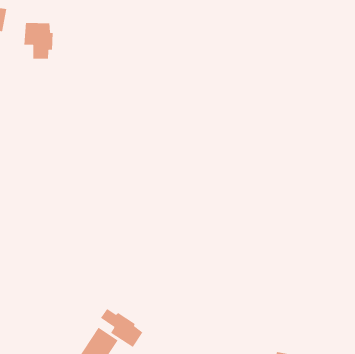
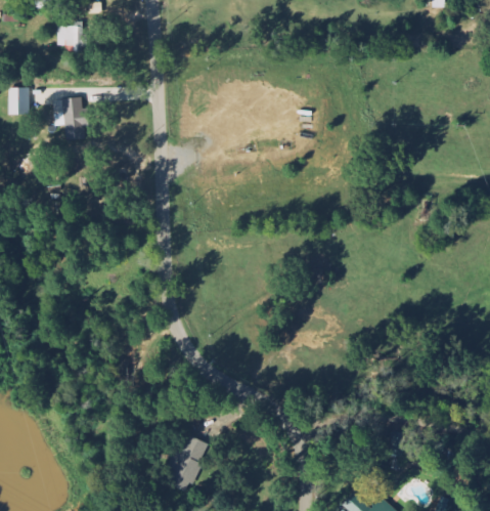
building: [100,308,143,348] -> none

